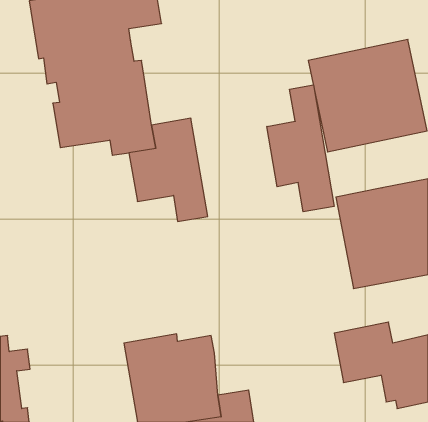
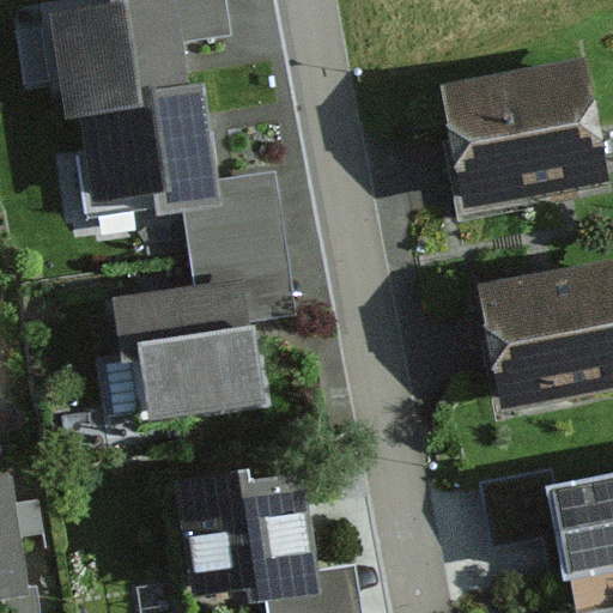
building: [267,85,334,212] -> none
building: none -> [113,279,267,427]

